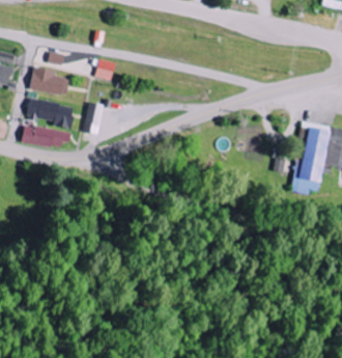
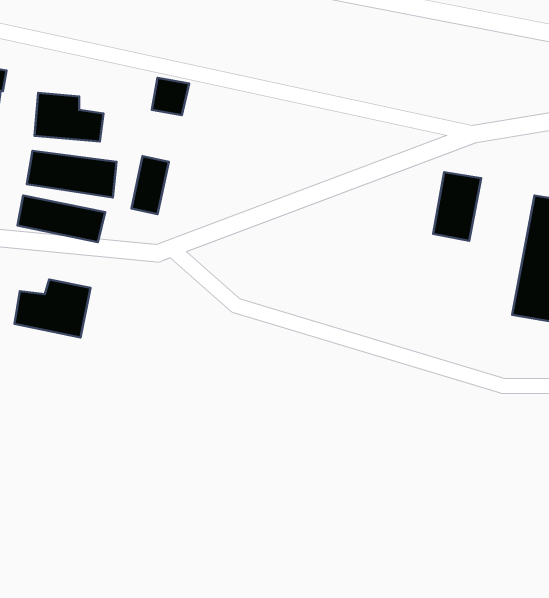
building: none -> [433,172,481,241]
building: none -> [14,280,91,337]

